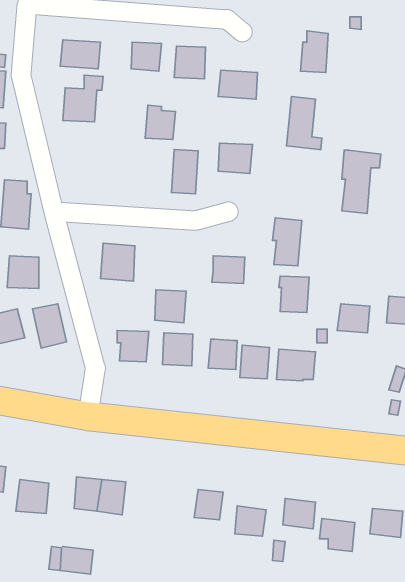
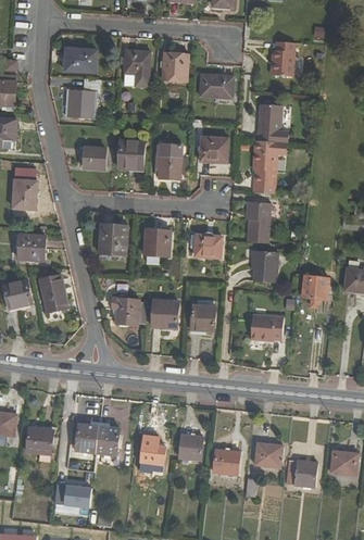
building: [145,105,176,139] -> [117,139,143,168]
building: [342,150,381,213] -> [252,138,286,192]
building: none -> [81,146,104,168]
building: [155,290,186,323] -> [143,227,171,255]
building: [240,345,269,379] -> none
building: none -> [139,439,165,464]

